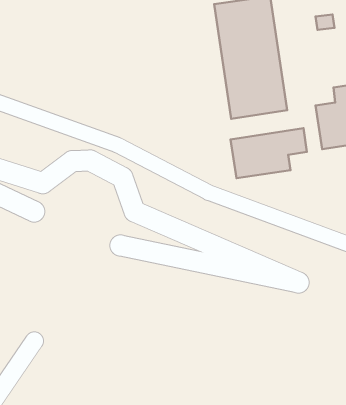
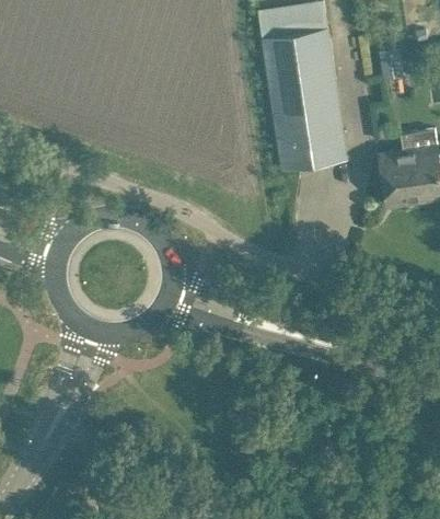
building: [231,128,307,178] -> none

